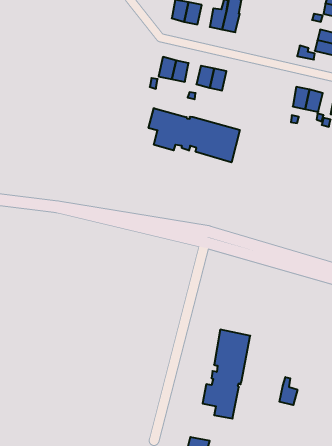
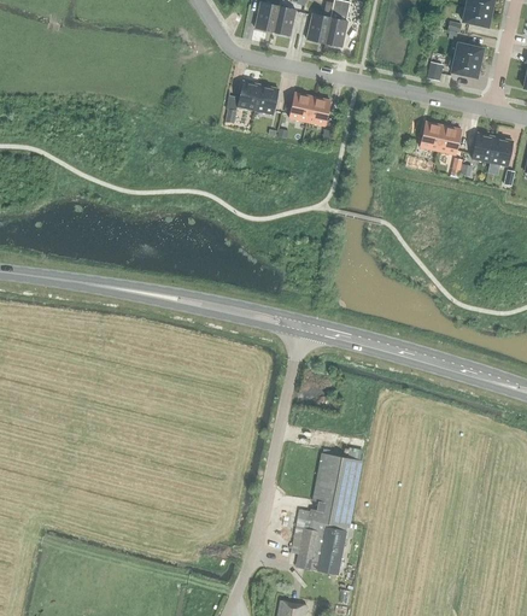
building: [149,108,240,162] -> none
building: [279,377,297,405] -> none

